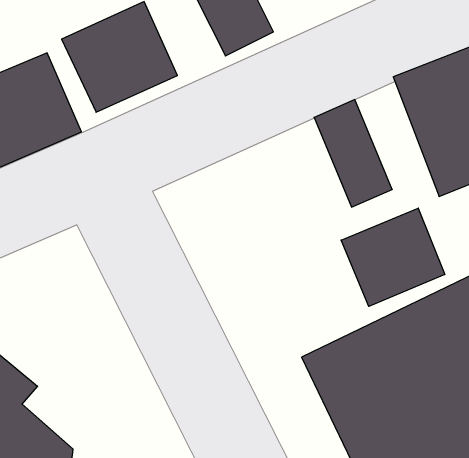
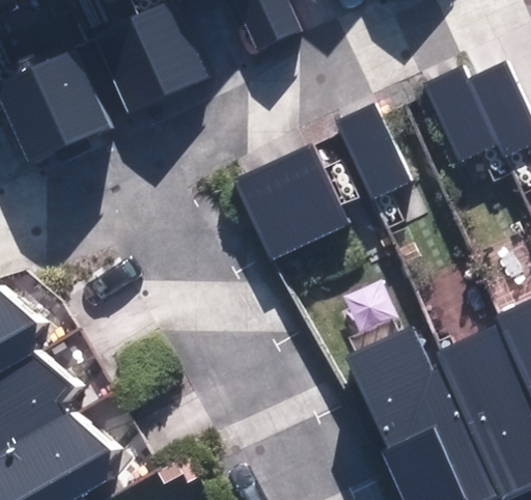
building: none -> [235,139,356,257]
building: [341,208,445,306] -> none

